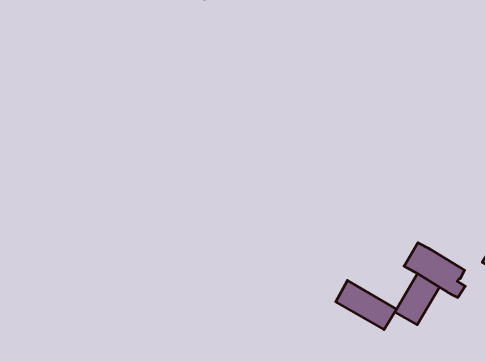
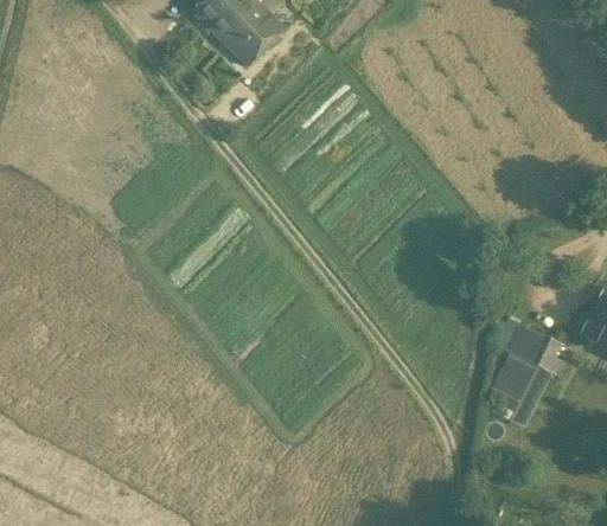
building: [336,280,397,330] -> none

